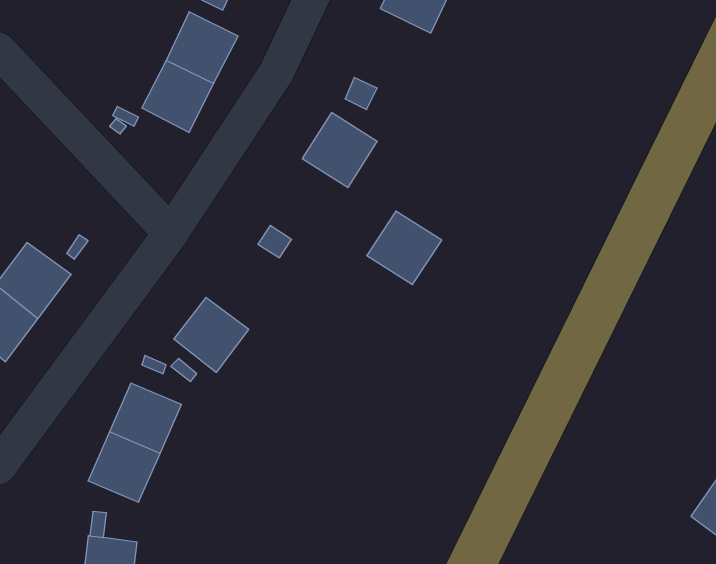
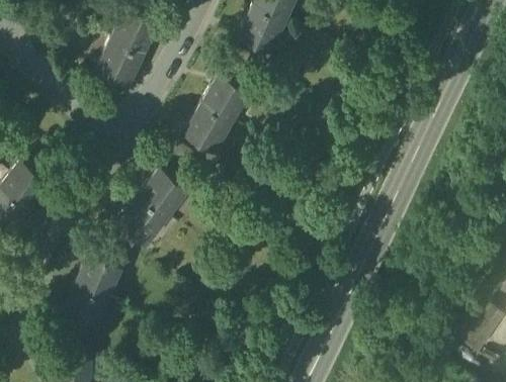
building: none -> [237,8,285,57]
building: [367,211,442,285] -> [181,107,231,156]
building: none -> [137,171,186,220]

